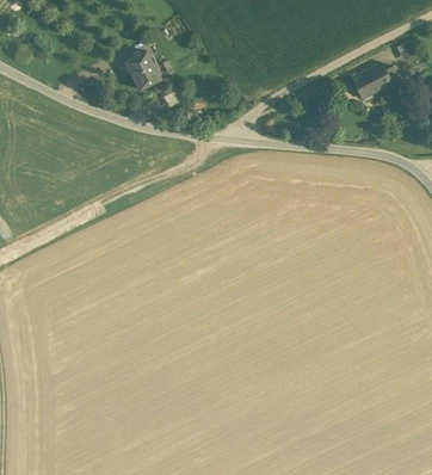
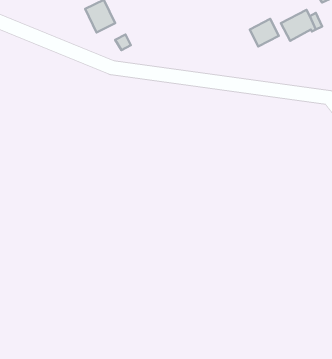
building: none -> [250,19,279,46]

